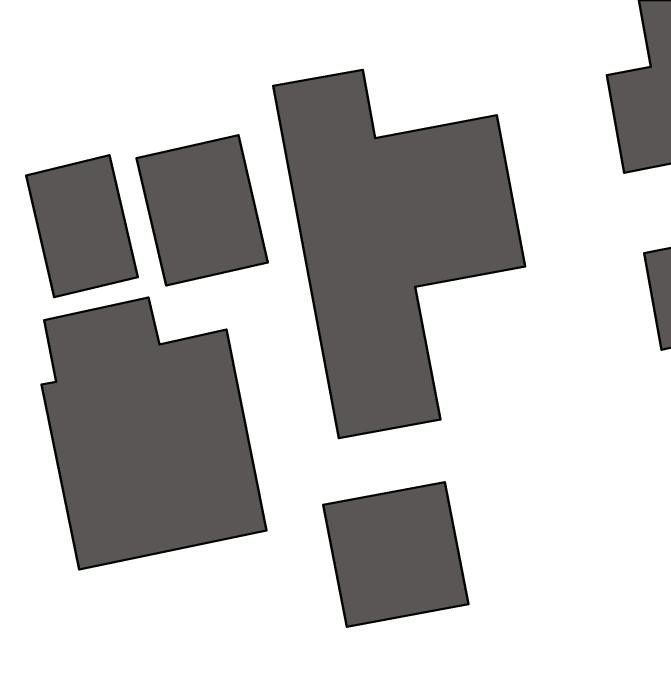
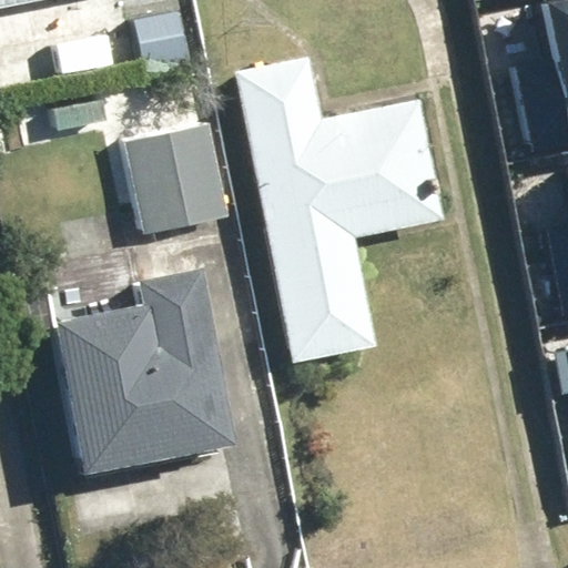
building: [26,155,138,297] -> none
building: [323,482,468,627] -> none

